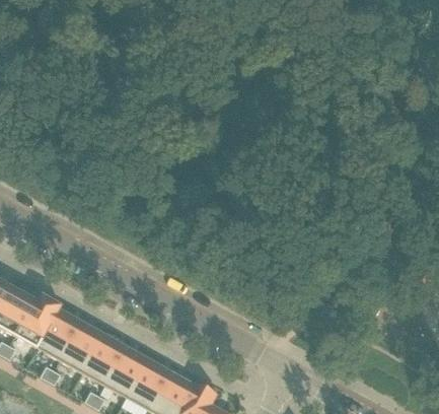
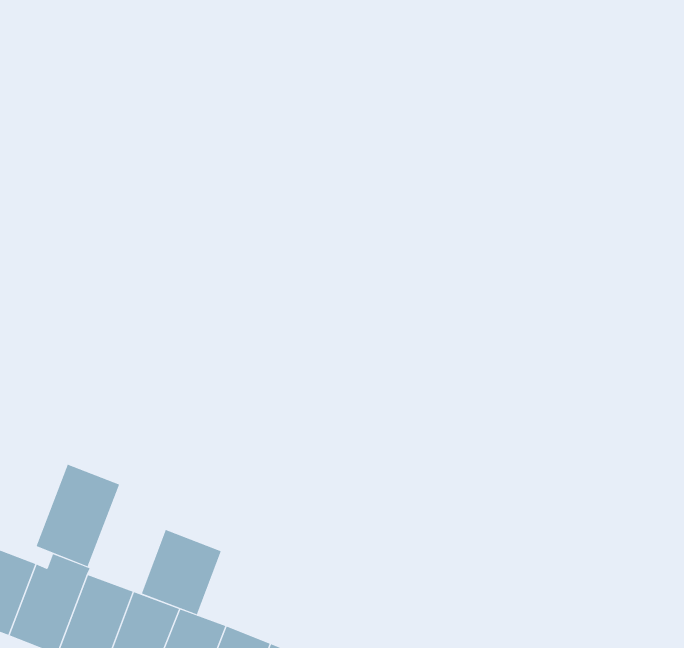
building: none -> [36,464,120,567]
building: none -> [141,529,222,615]

